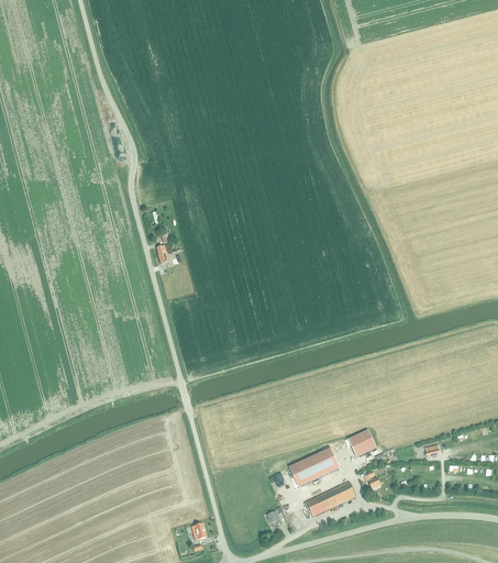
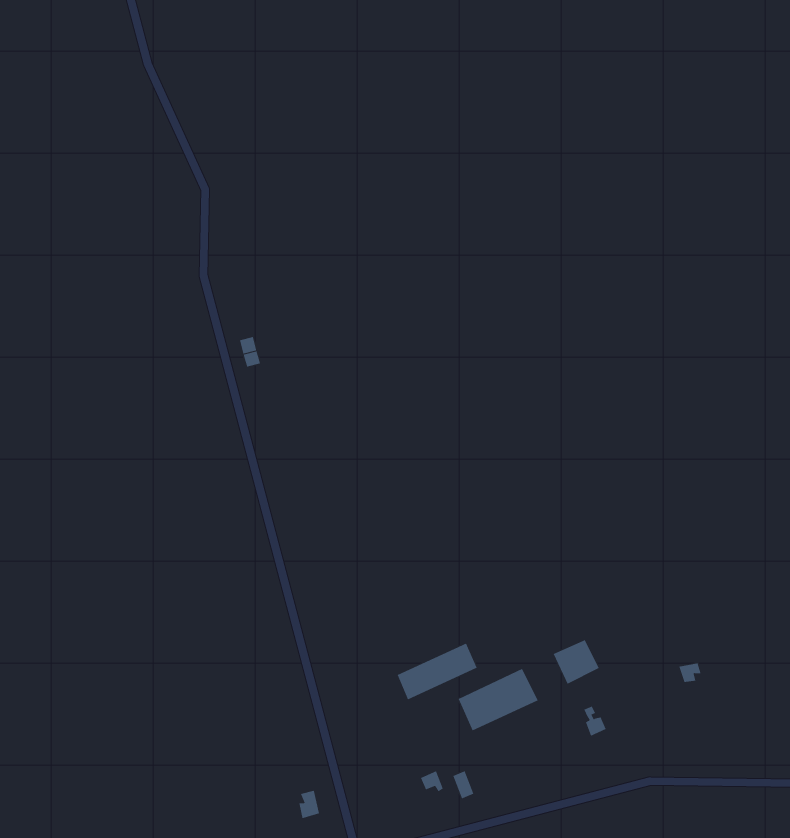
building: [306,481,355,516] -> [397,643,477,700]

